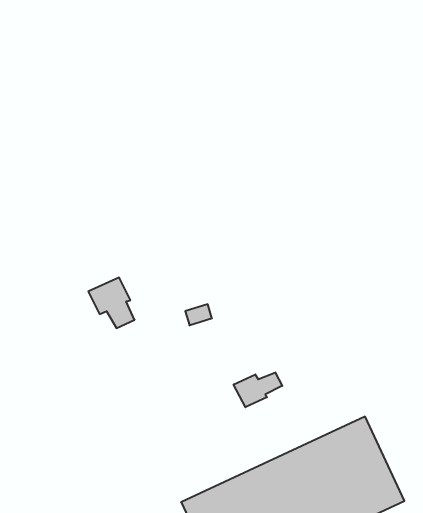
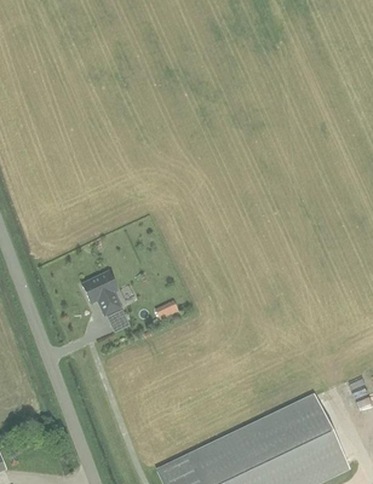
building: [234,372,282,407] -> none

